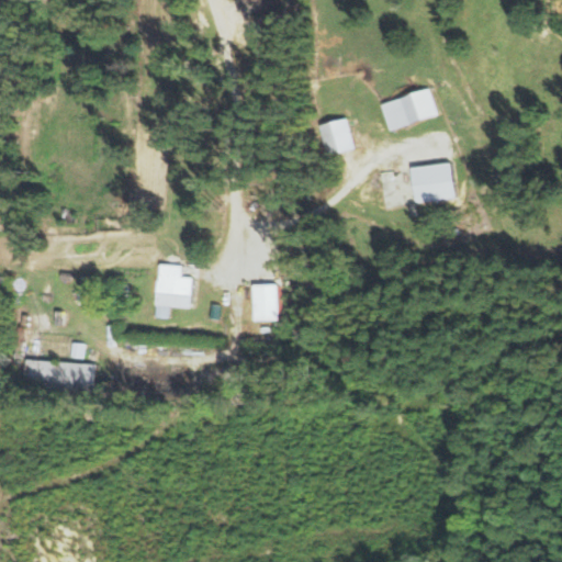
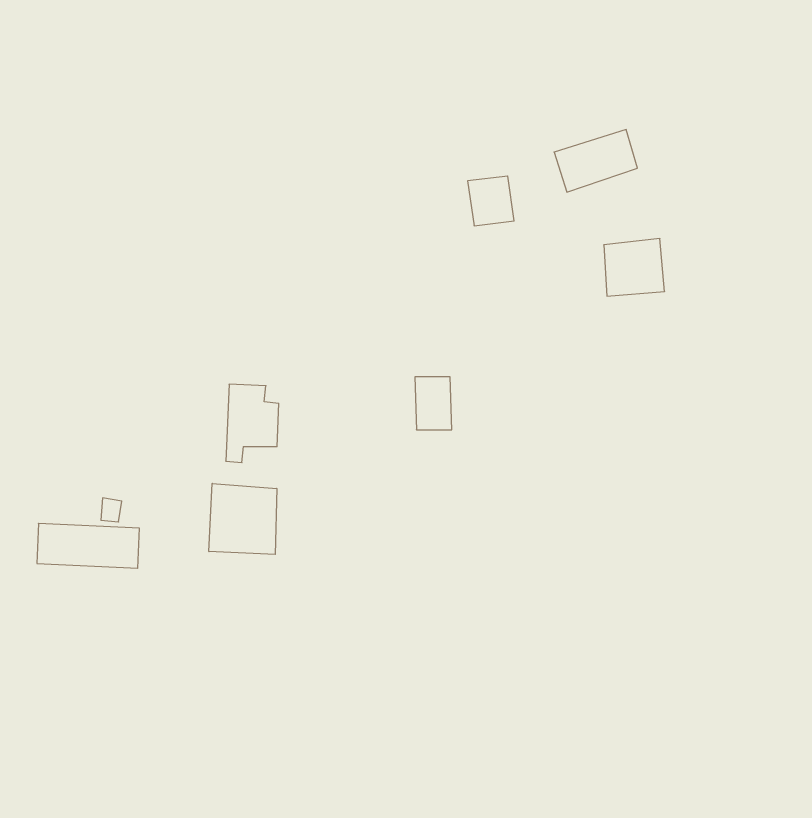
building: [254,283,279,319] -> [415,377,452,430]
building: none -> [209,483,277,554]

